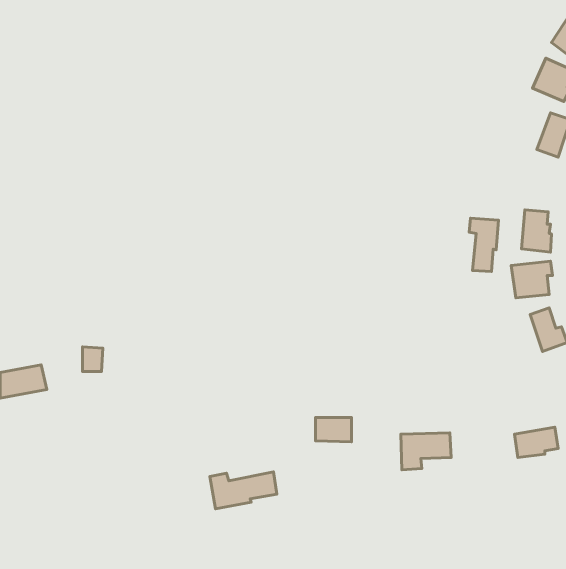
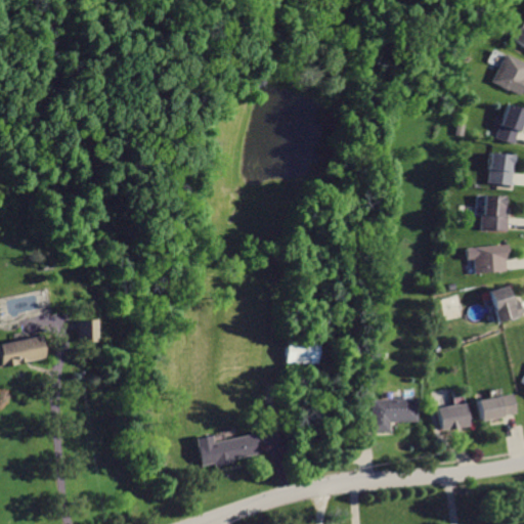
building: none -> [489,152,517,186]
building: [469,218,499,272] -> none
building: [316,417,351,442] -> [287,341,319,363]
building: none -> [438,403,471,431]

